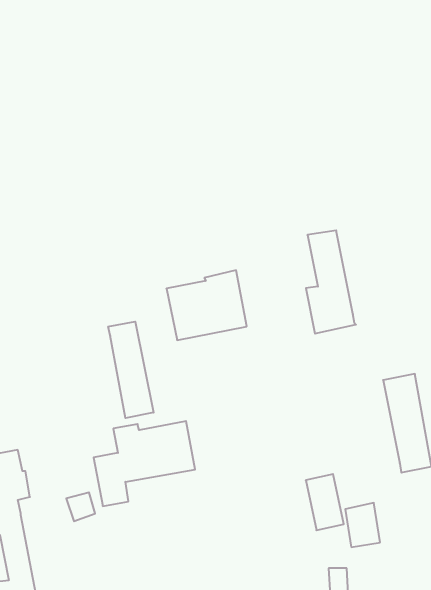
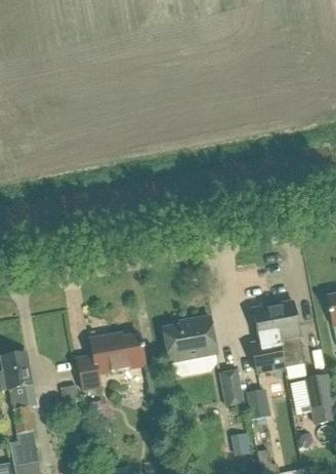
building: [306,230,356,334] -> [251,305,285,374]
building: [166,270,247,340] -> [162,315,216,362]
building: [108,322,154,418] -> none

